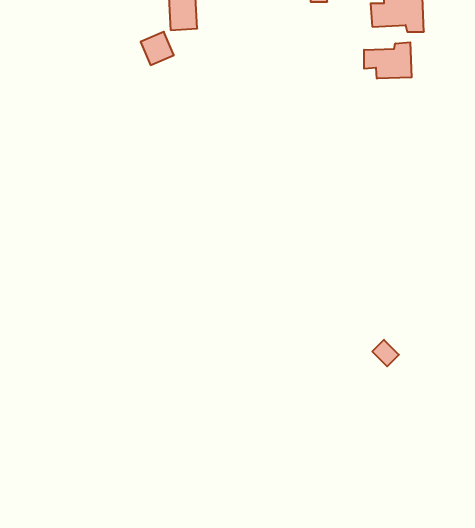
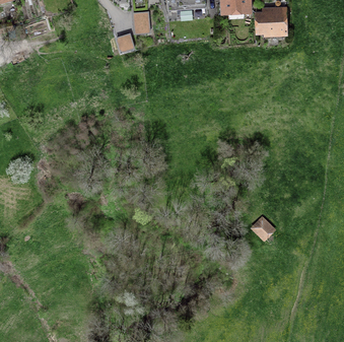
building: [364,42,412,79] -> none

